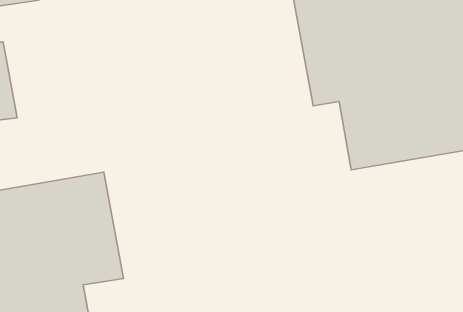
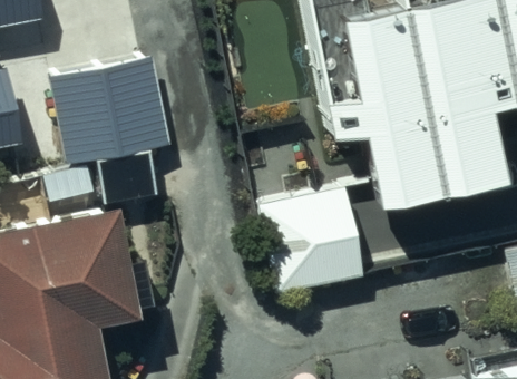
building: none -> [59,66,172,175]
building: none -> [262,191,367,299]

